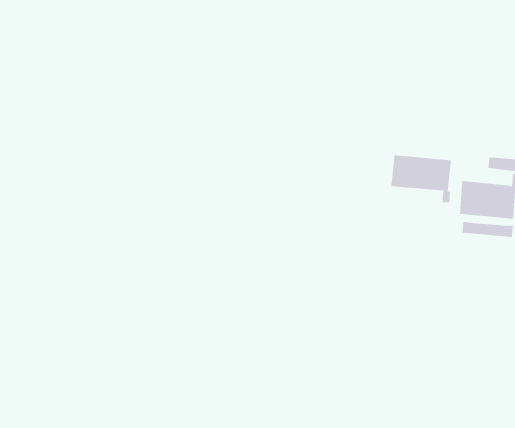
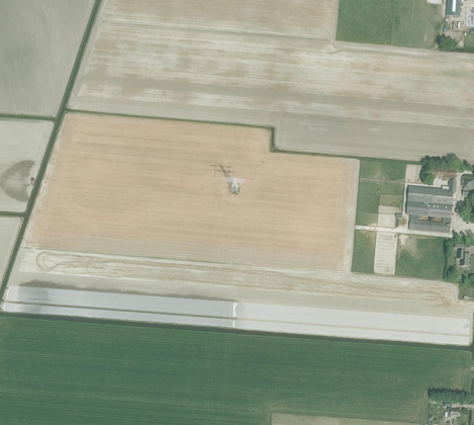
building: [391,155,451,203] -> none

